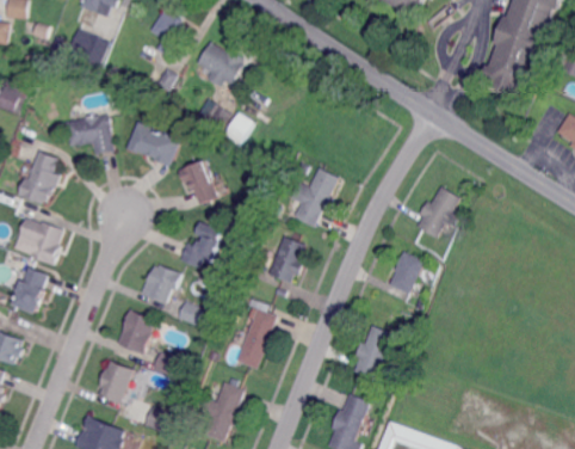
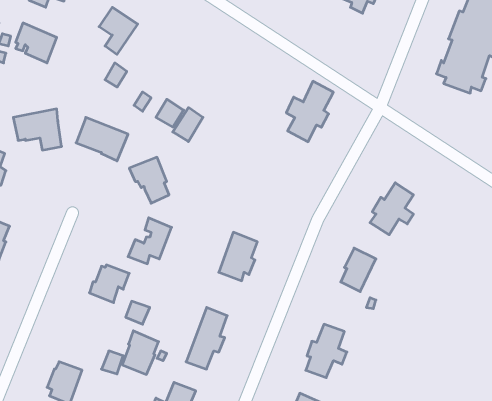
building: [197,42,245,88] -> none
building: [291,167,338,227] -> [286,81,333,142]
building: [117,309,153,352] -> [122,331,159,374]

